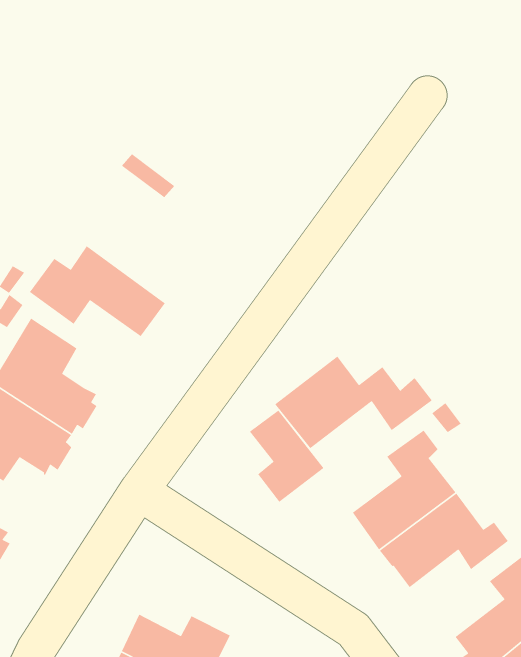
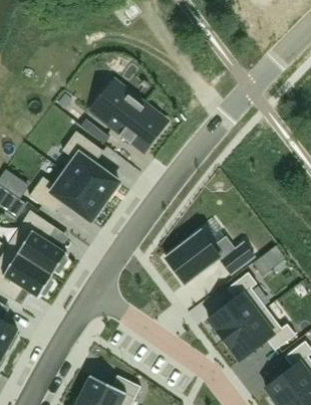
building: none -> [97,85,167,151]
building: none -> [61,131,119,202]
building: [249,409,324,503] -> none

